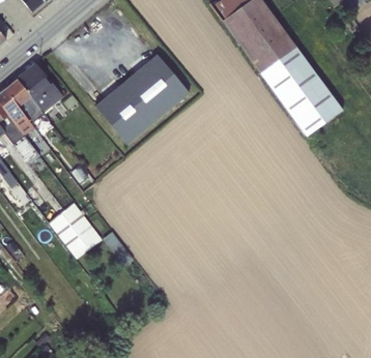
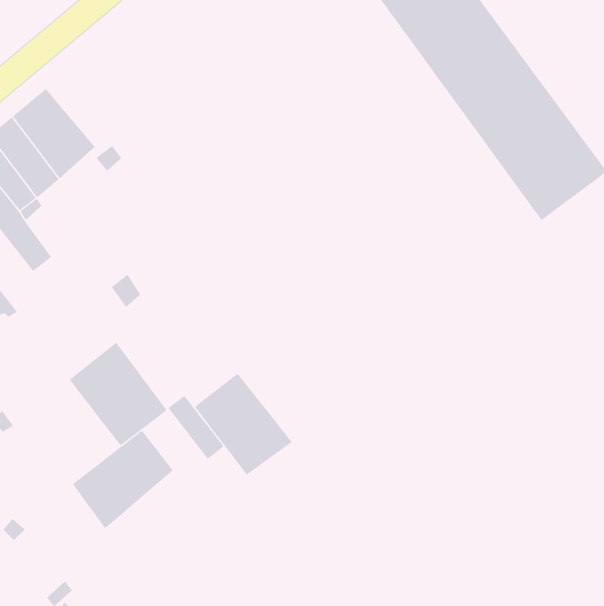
building: [94,54,189,144] -> none
building: none -> [194,373,292,475]
building: none -> [72,430,174,529]

